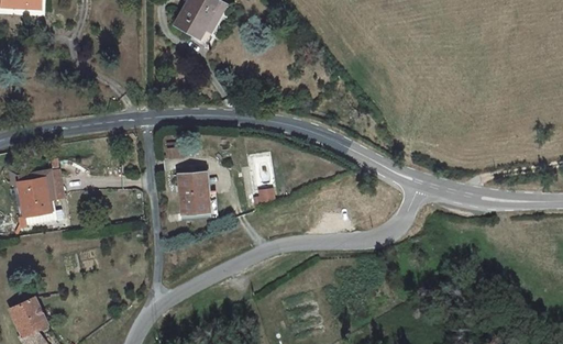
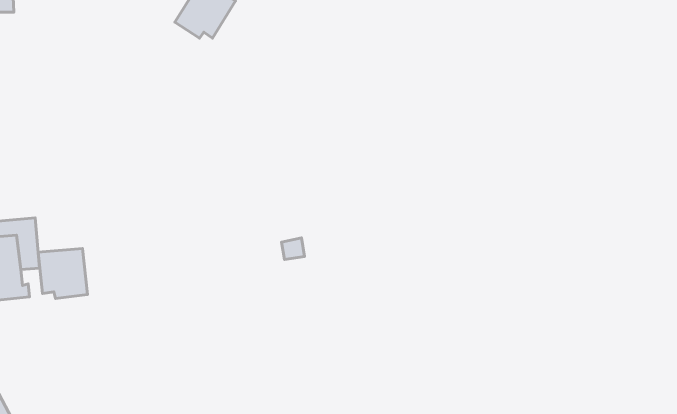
building: [177,173,209,215] -> none
building: none -> [38,248,88,299]

